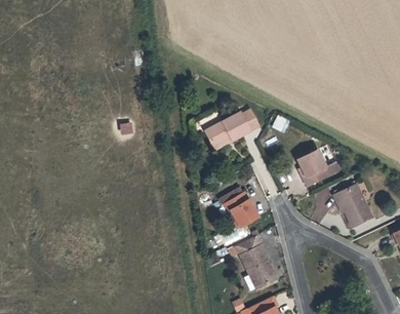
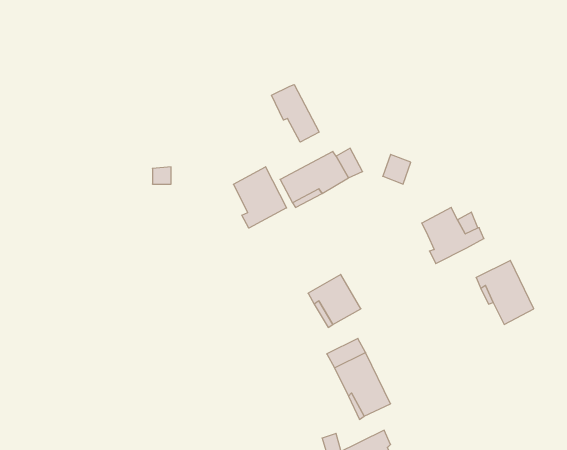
building: none -> [272,85,319,142]
building: none -> [233,167,287,228]

